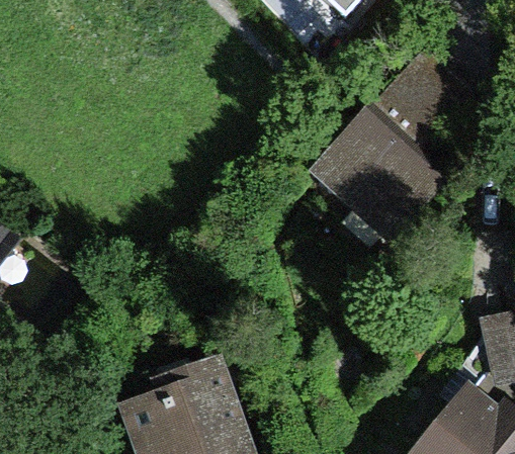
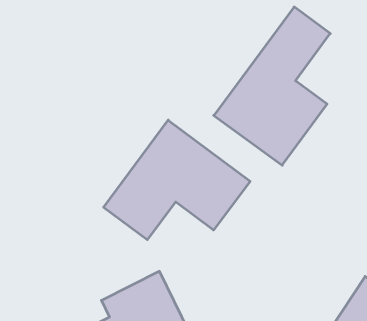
building: none -> [104,120,250,240]

